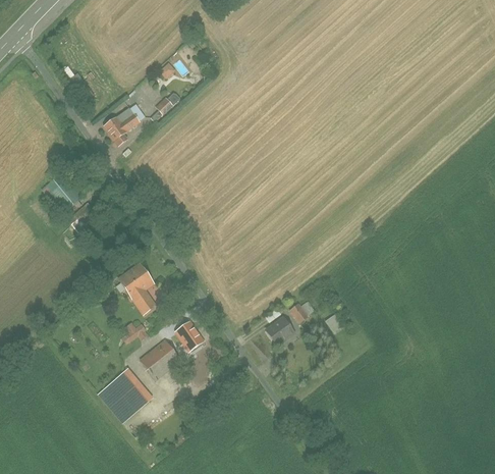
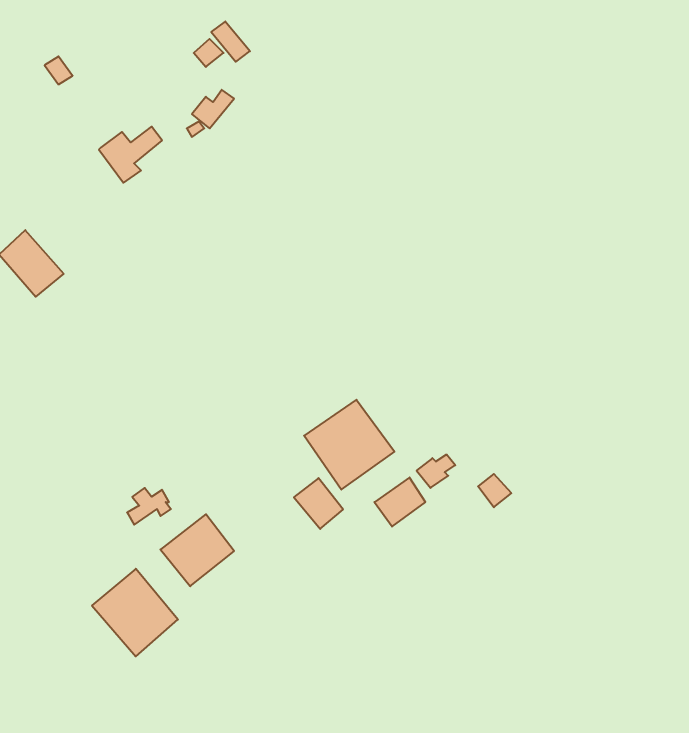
building: [119,267,156,316] -> none
building: none -> [304,400,394,490]
building: [173,322,202,352] -> [294,478,343,529]

